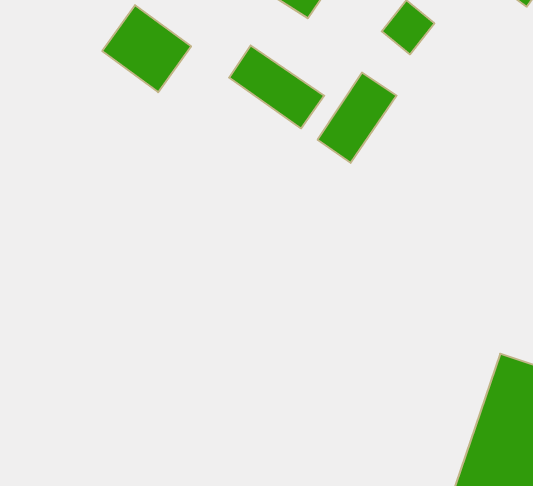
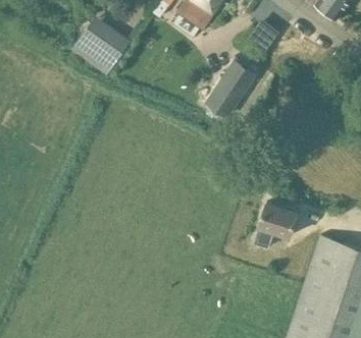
building: [229,45,324,128] -> none
building: none -> [259,204,299,237]

